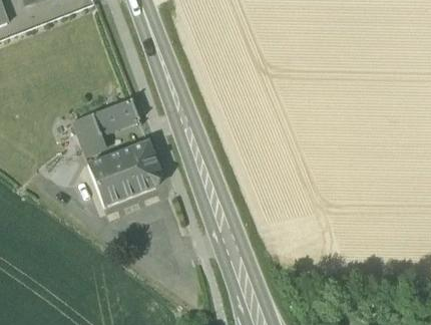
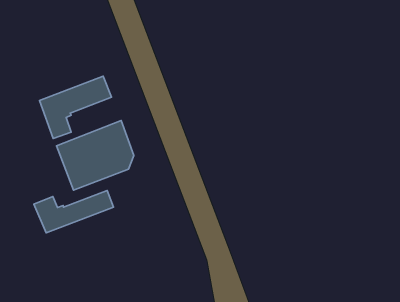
building: none -> [34,191,113,233]

